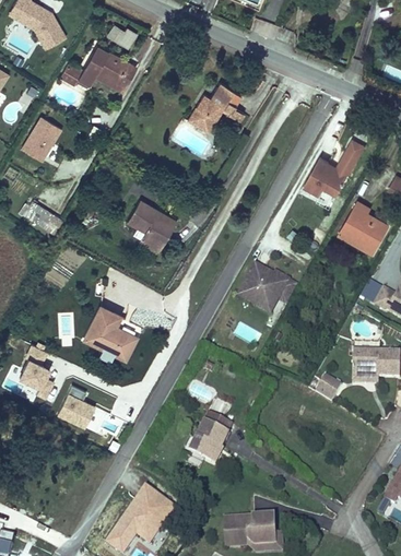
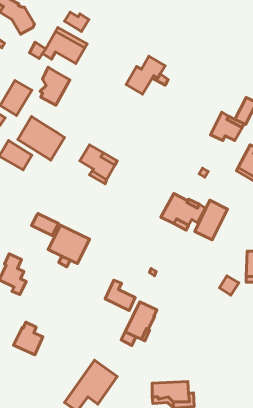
building: none -> [40,67,70,105]
building: none -> [18,117,65,160]
building: none -> [195,200,227,240]
building: none -> [31,213,59,236]
building: none -> [105,280,135,310]
building: [56,387,95,430] -> [14,322,43,355]

